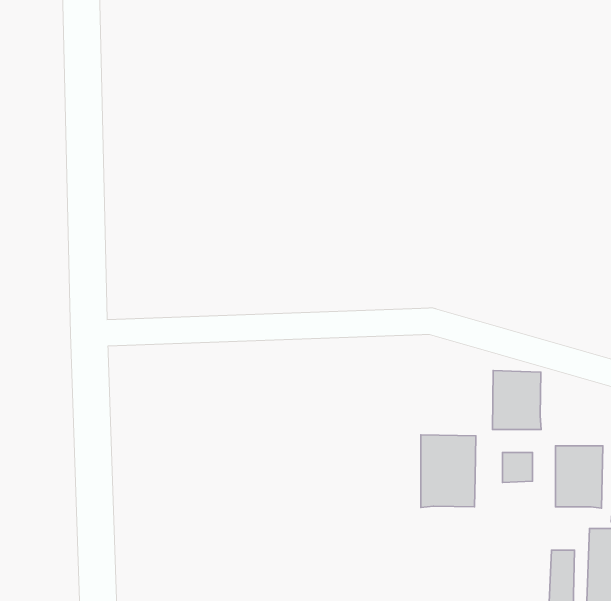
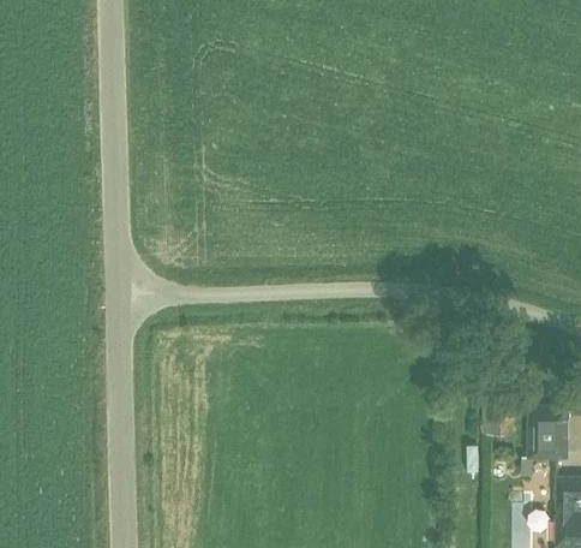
building: [492,370,541,429] -> none
building: [421,435,476,507] -> none

